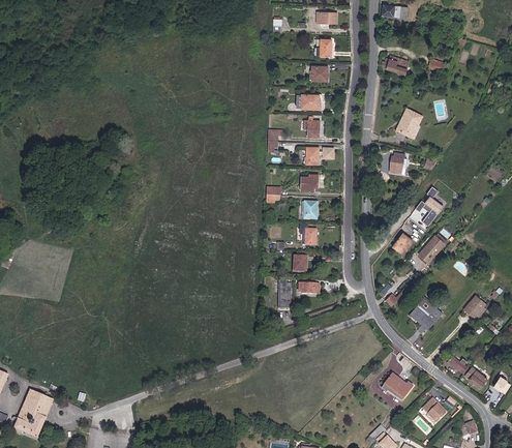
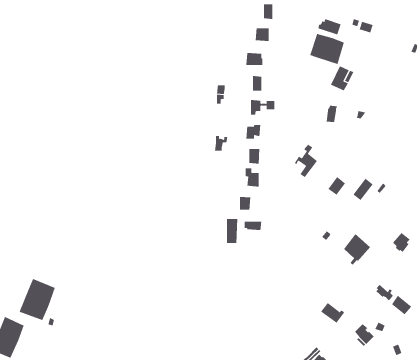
building: none -> [309,33,345,65]
building: [416,187,443,226] -> [294,144,318,178]
building: none -> [19,278,56,321]

